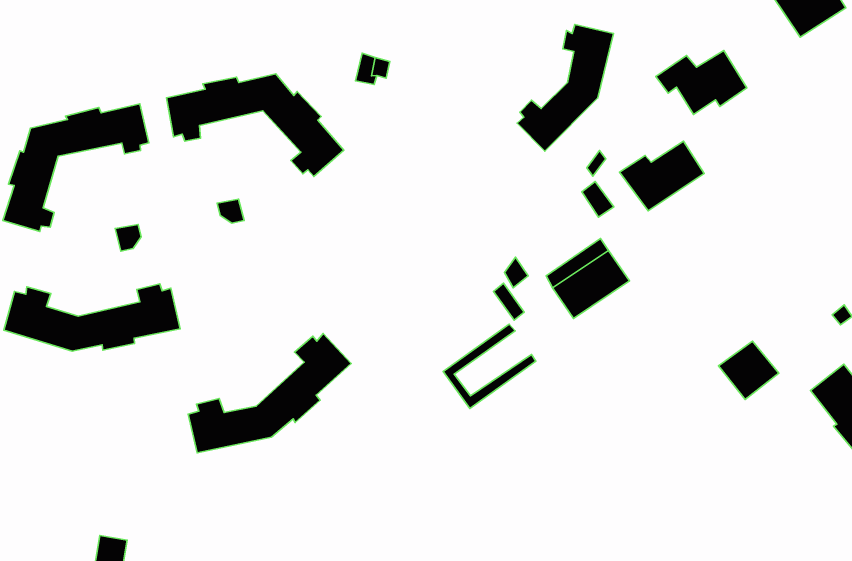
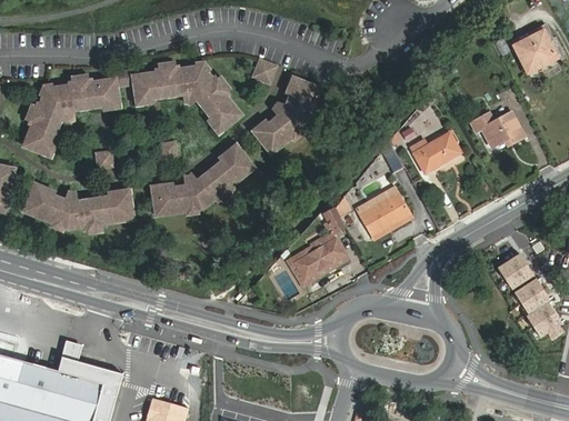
building: [517,24,614,151] -> [252,77,317,153]
building: [656,50,747,114] -> [470,110,526,148]
building: none -> [296,239,345,277]
building: [188,333,351,453] -> [148,149,251,215]
building: [719,341,779,399] -> [498,253,535,289]

